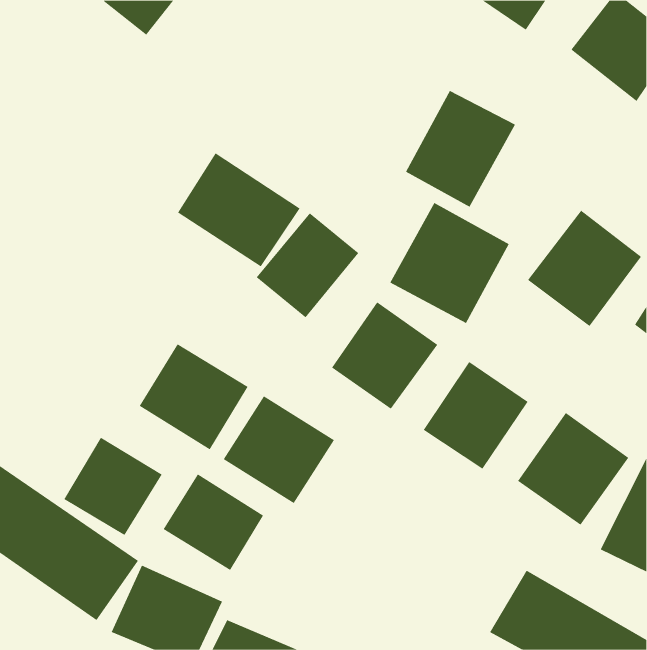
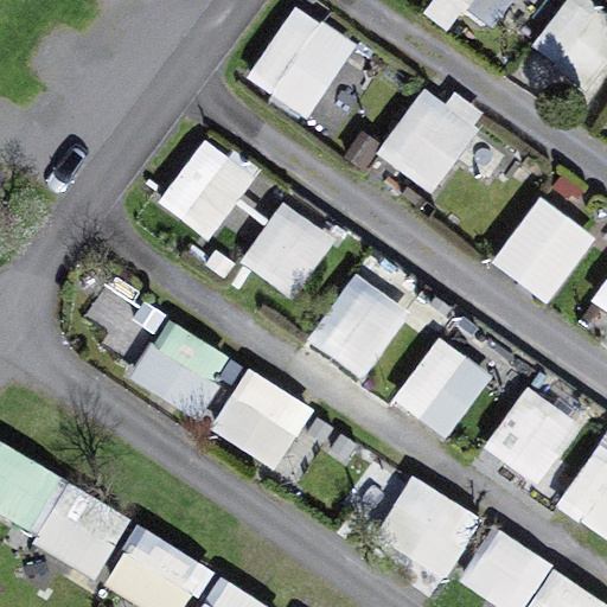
building: none -> [248,5,357,120]
building: [390,202,509,324] -> none
building: [63,437,162,536] -> none
building: [163,474,264,571] -> none
building: none -> [379,484,473,570]

